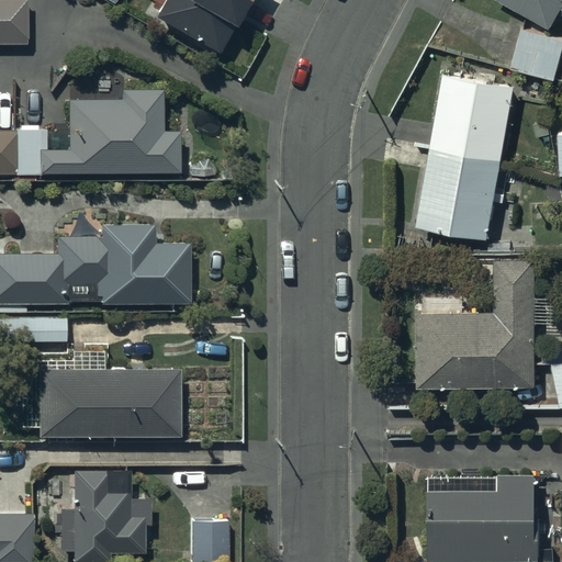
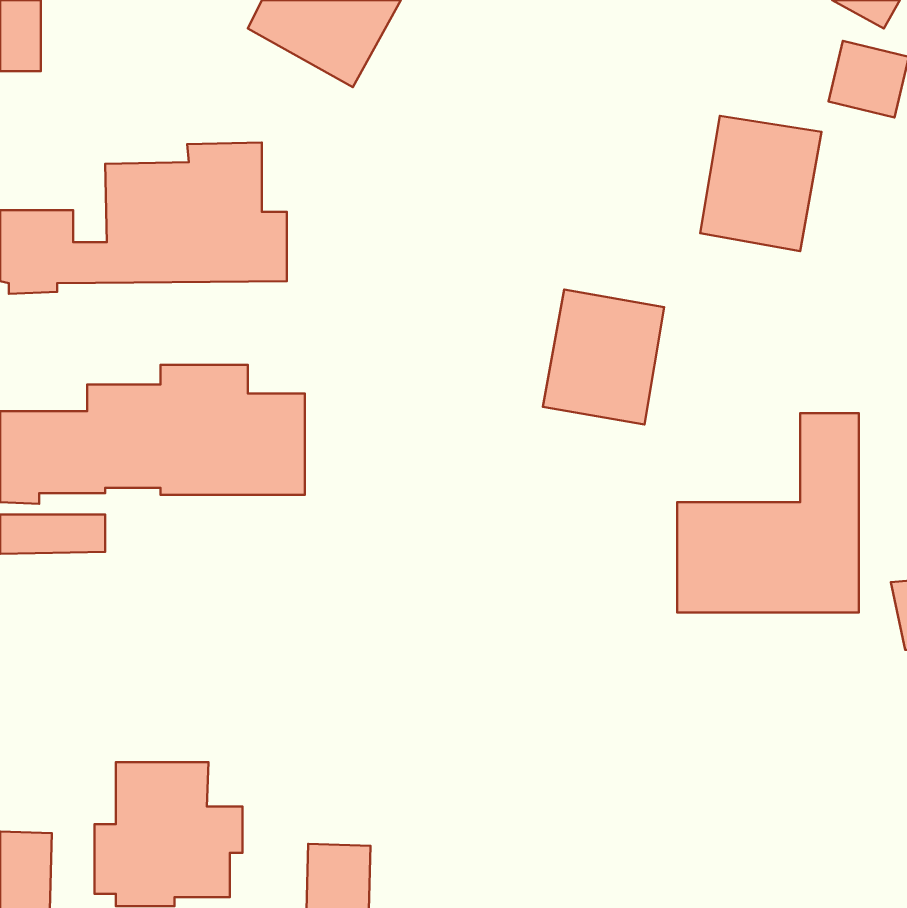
building: [420,145,495,228] -> [543,289,664,425]
building: [38,370,179,438] -> none
building: [429,471,537,553] -> none

